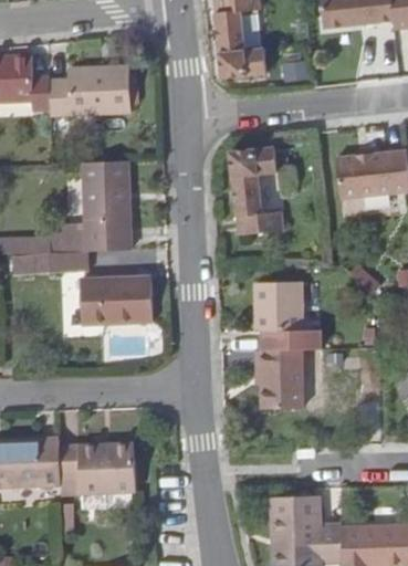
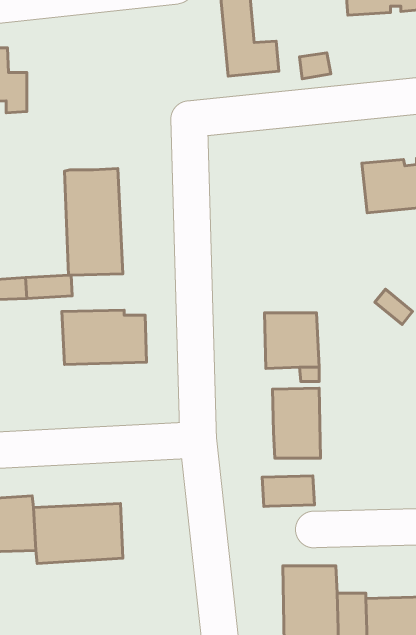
building: [51,69,133,116] -> none
building: [229,145,280,232] -> none
building: none -> [262,476,315,506]

